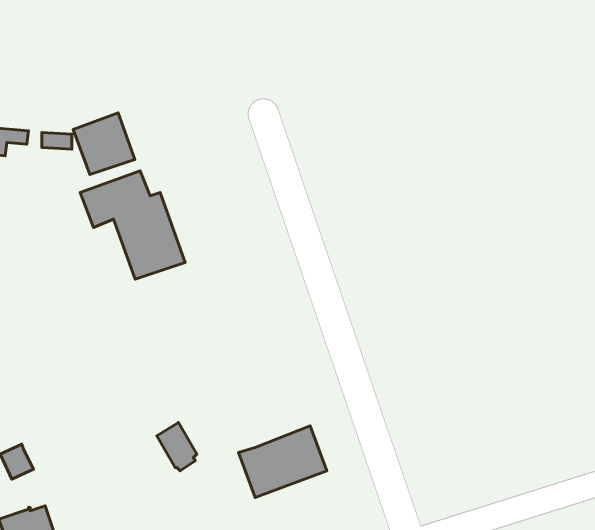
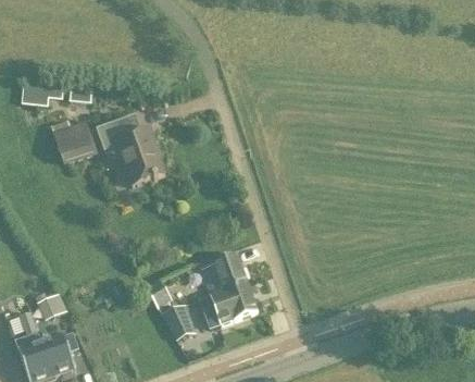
building: [73,113,135,174] -> [54,122,95,162]
building: none -> [201,254,246,295]
building: none -> [161,304,195,340]

